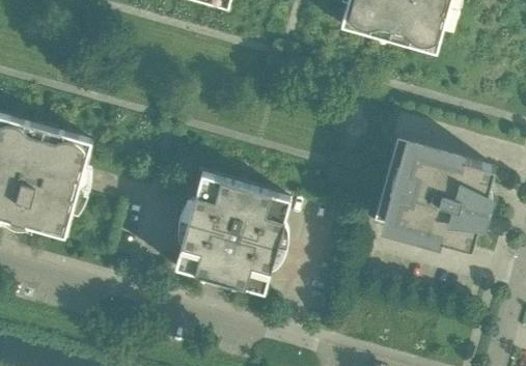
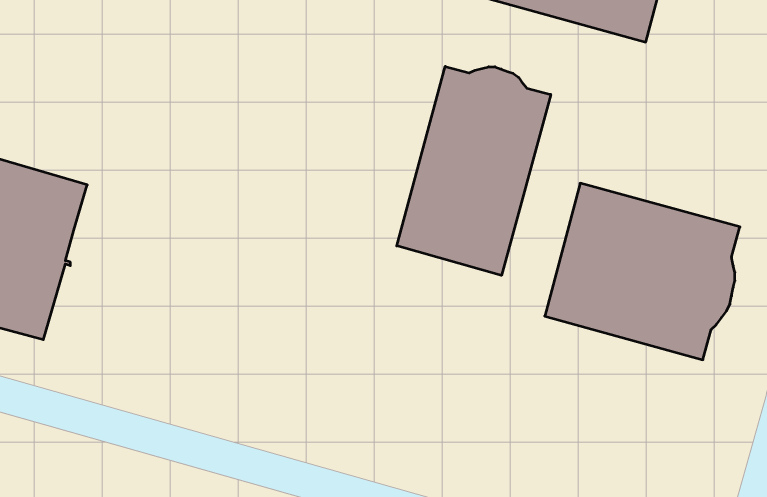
building: none -> [397,66,551,275]
building: [174,174,289,293] -> none

